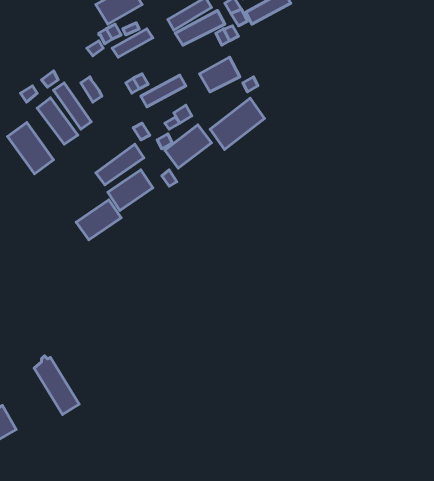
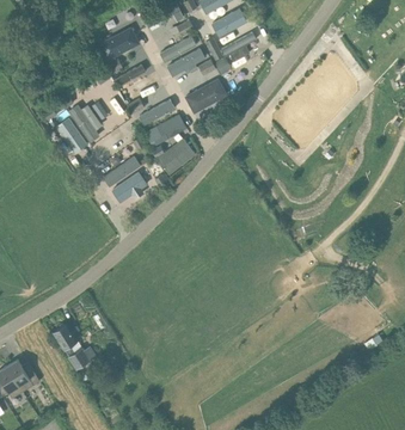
building: [210,98,264,149] -> none
building: [8,122,54,174] -> none
building: [76,200,121,240] -> none

